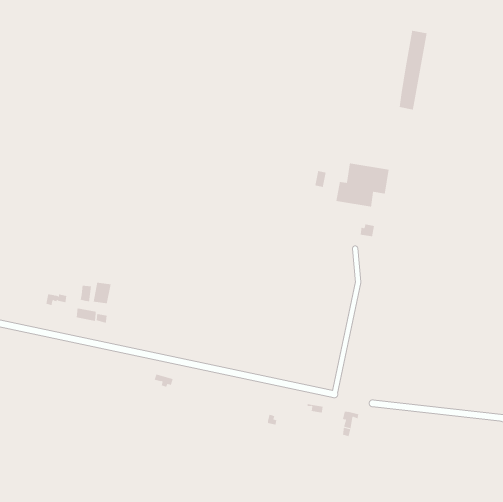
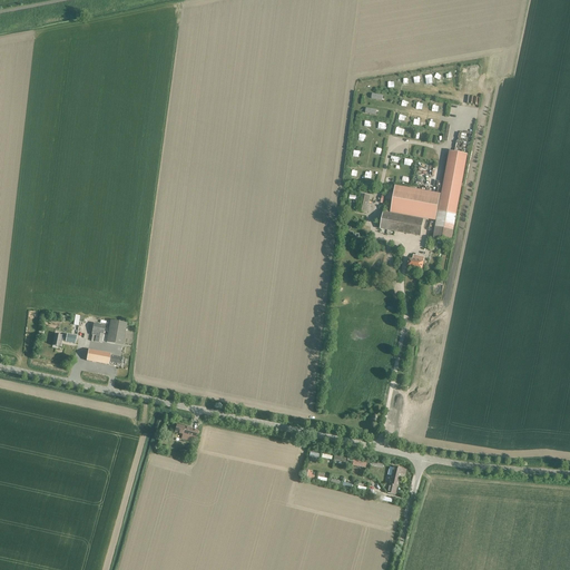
building: [399,30,427,110] -> [433,149,465,239]

